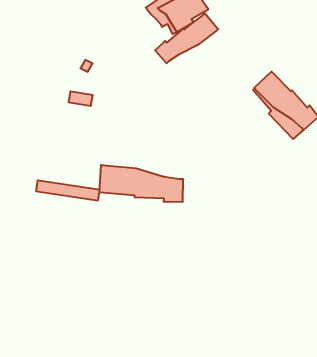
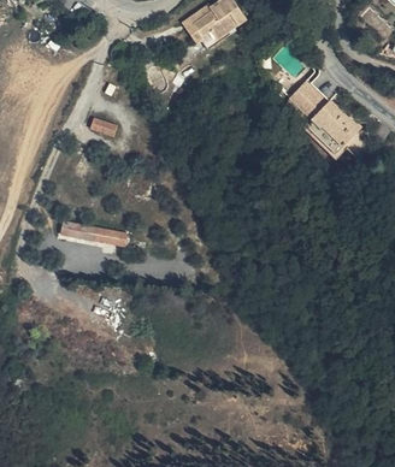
building: [155,13,218,63] -> none
building: [100,165,183,202] -> none

